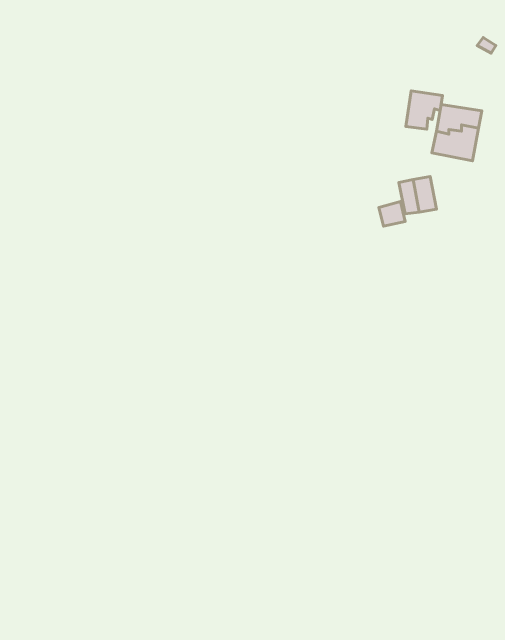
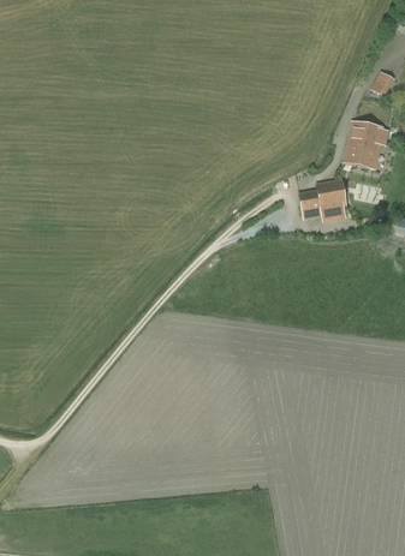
building: [406,91,443,129] -> none

